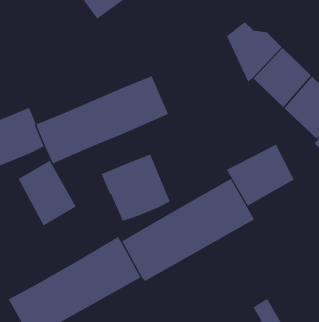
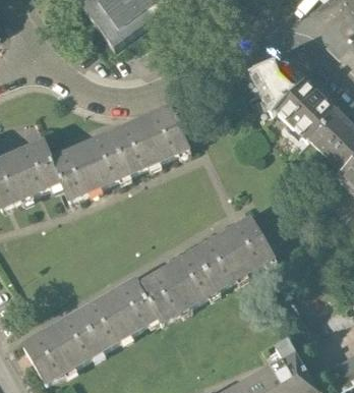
building: [226,144,294,207] -> none
building: [101,153,171,222] -> none
building: [18,160,76,226] -> none

